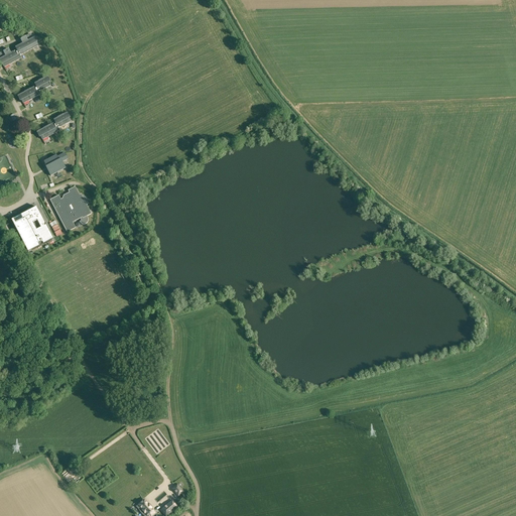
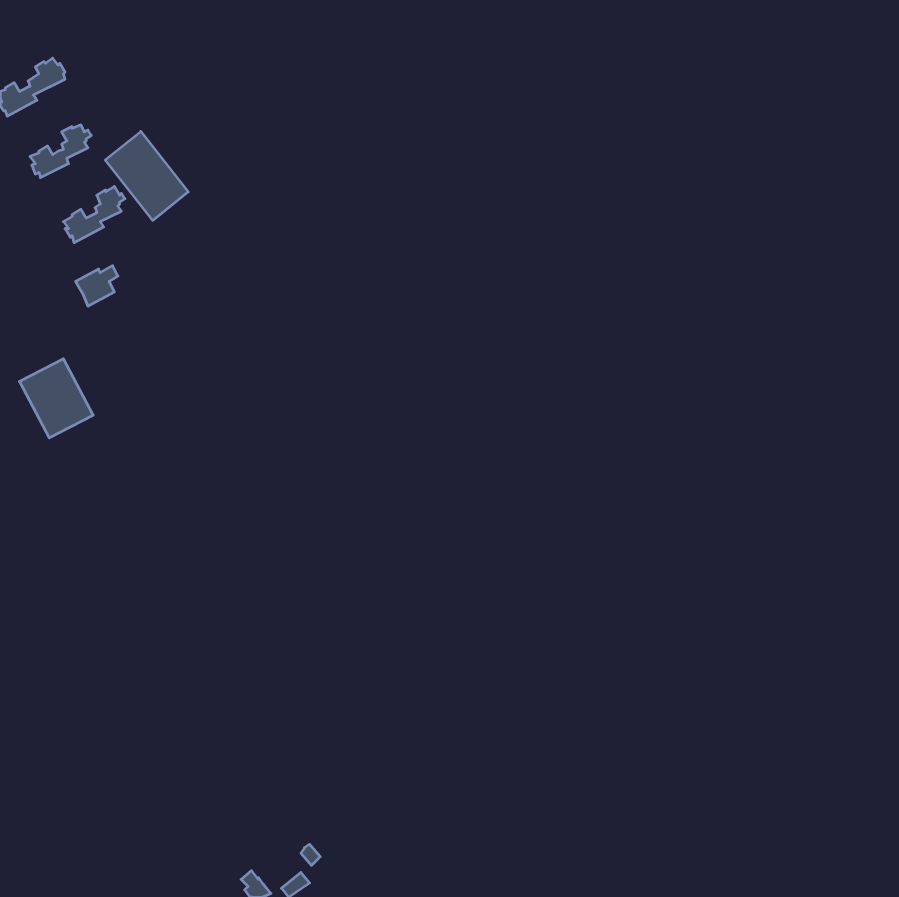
building: none -> [105,131,188,220]
building: [50,185,91,231] -> none

